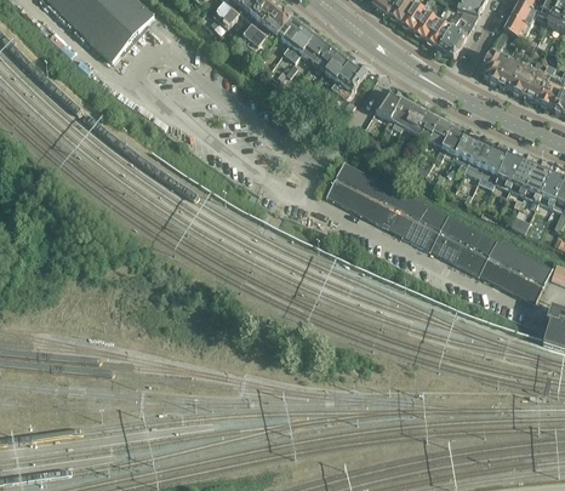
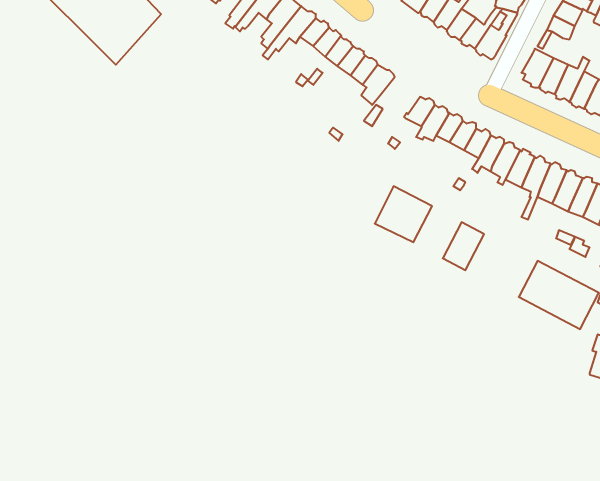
building: [326,161,364,206] -> none
building: [382,190,426,238] -> none
building: [429,216,495,273] -> none

